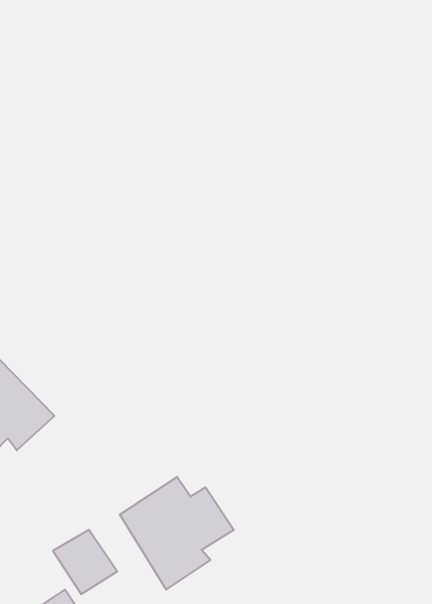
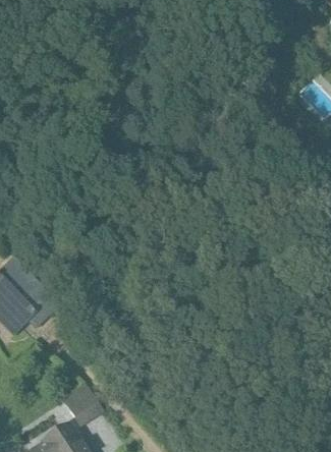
building: [120,477,234,590] -> none

